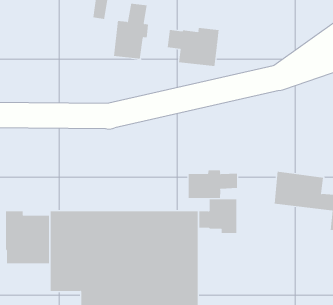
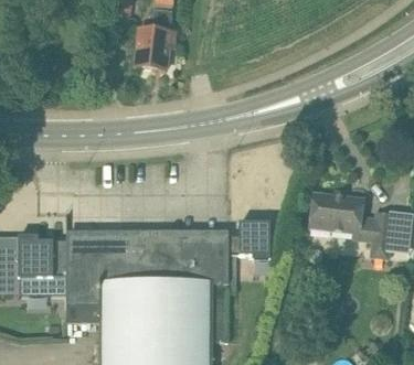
building: [167,27,219,67] -> none
building: [188,169,238,199] -> none

